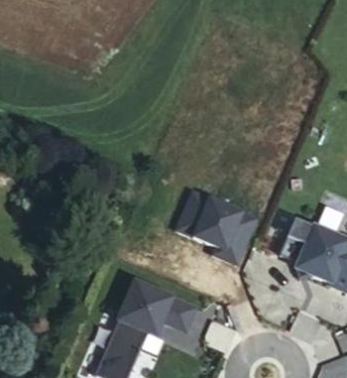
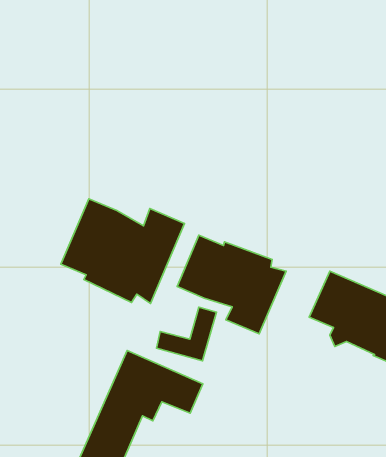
building: none -> [61,199,185,304]
building: [162,310,210,353] -> [156,307,217,361]

